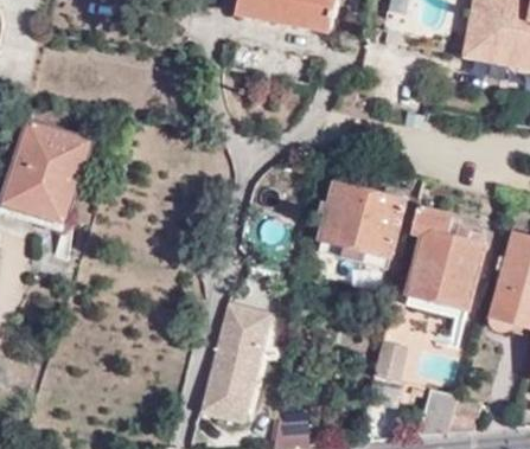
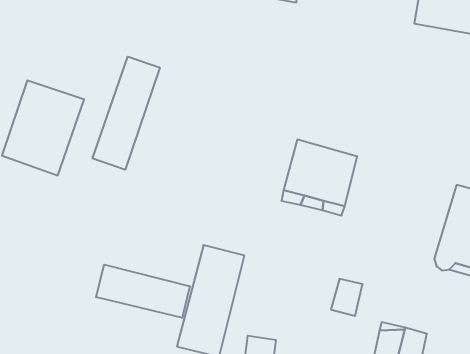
building: none -> [92,57,160,170]
building: [407,207,481,310] -> none
building: none -> [96,265,190,318]

